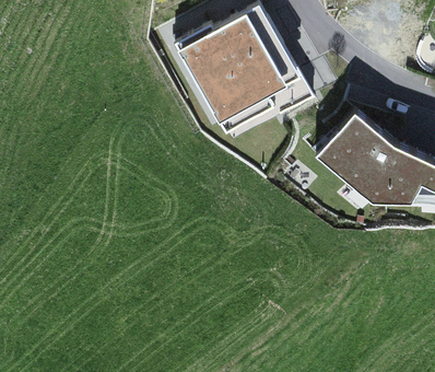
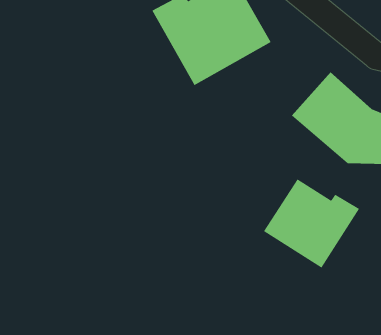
building: none -> [263,178,360,269]

